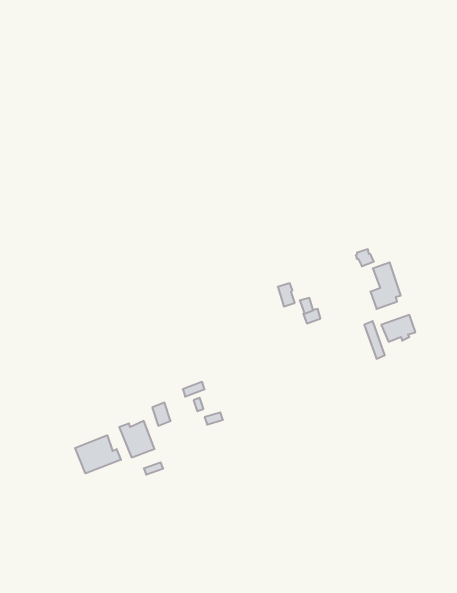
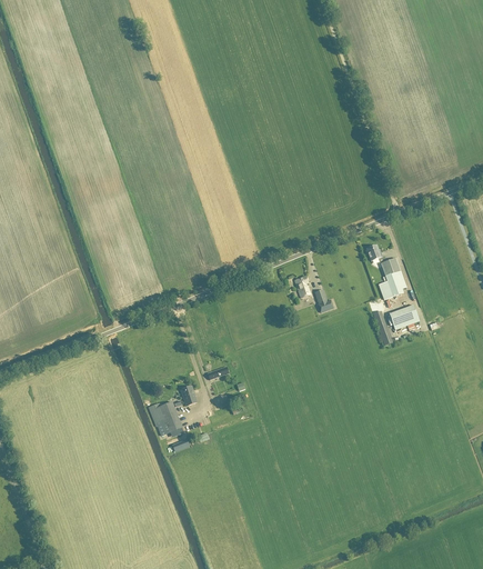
building: [75,435,121,473] -> none

